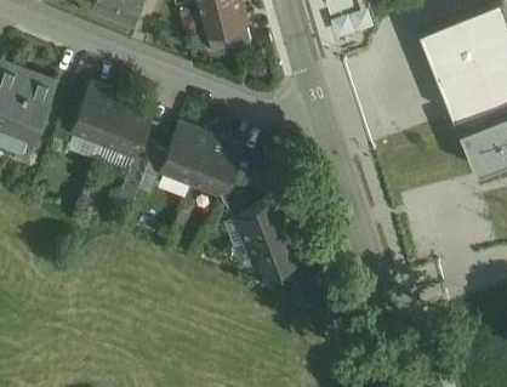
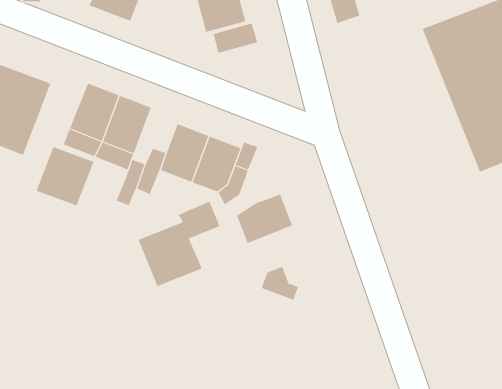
building: none -> [36,146,94,206]
building: [224,177,264,217] -> none
building: none -> [138,201,220,287]
building: [246,224,303,271] -> none

